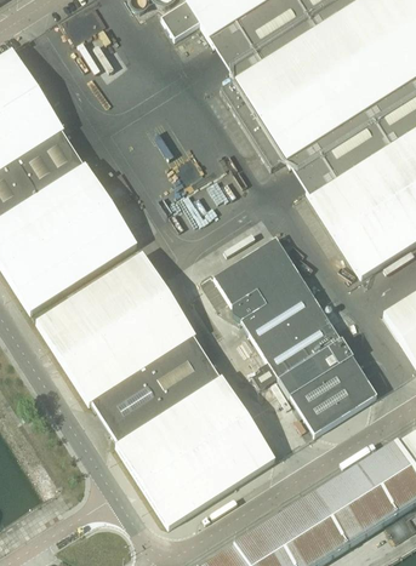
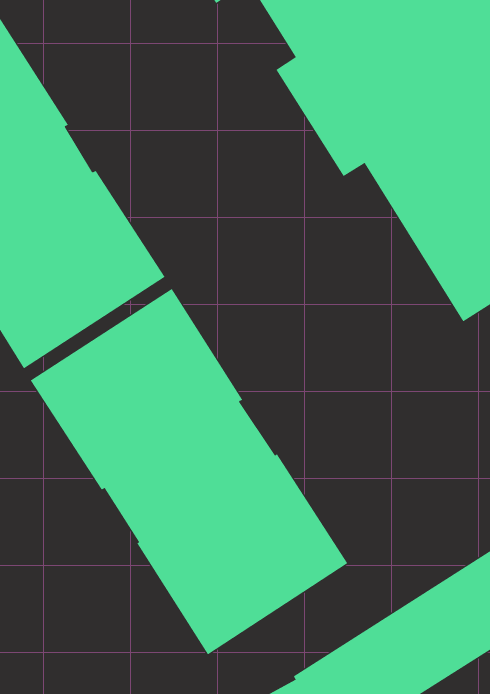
building: [212,235,366,434] -> none

